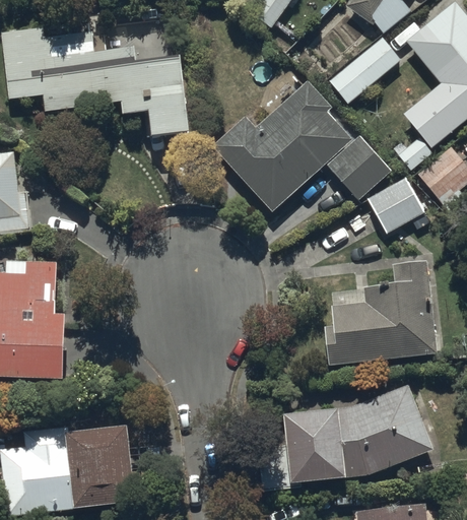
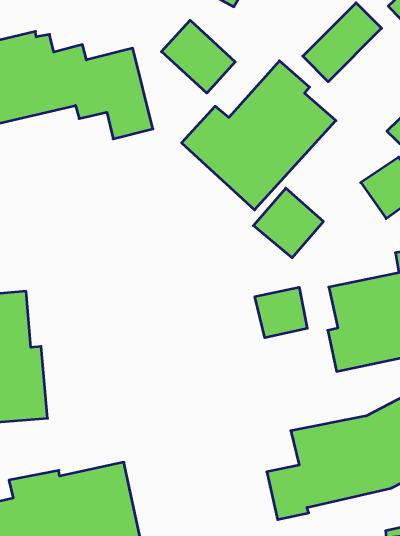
building: none -> [161,20,235,93]
building: [327,136,390,199] -> [253,188,323,258]
building: none -> [255,287,307,338]

